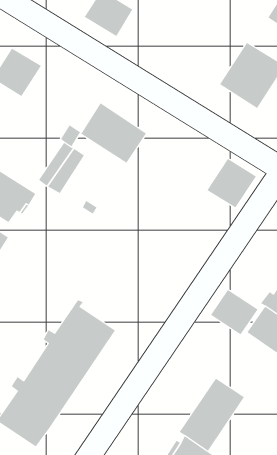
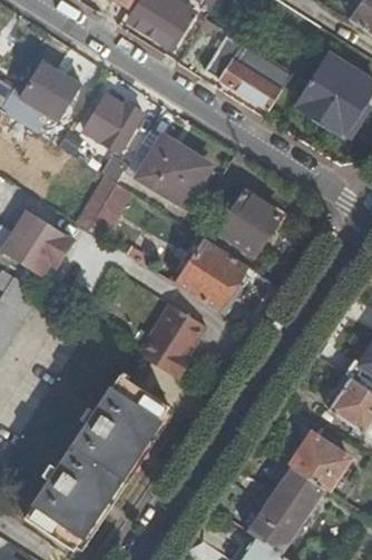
building: none -> [204,38,288,110]
building: none -> [82,96,143,153]
building: [207,158,257,208] -> [218,193,280,254]
building: none -> [174,237,245,311]
building: none -> [138,303,206,380]
building: [210,289,259,335] -> [291,433,350,489]

